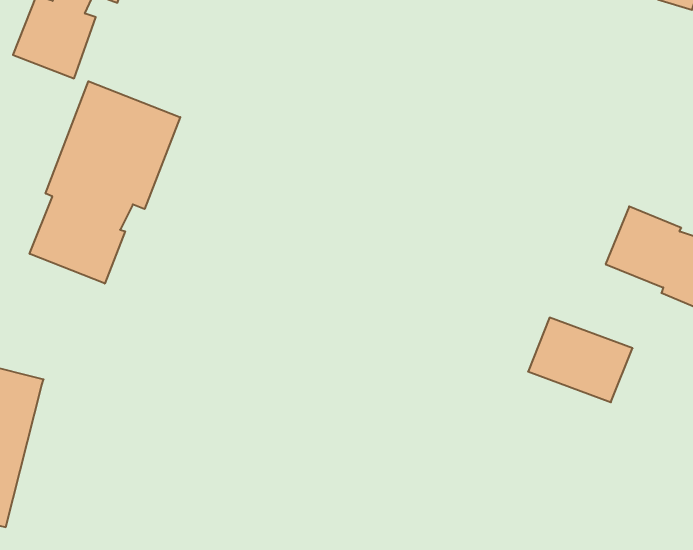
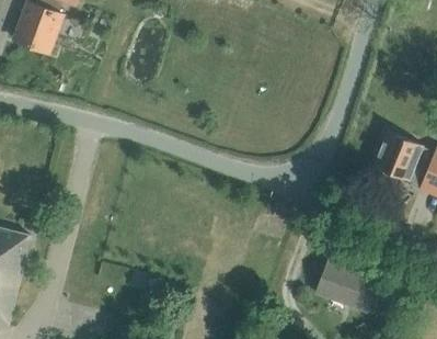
building: [30,81,180,284] -> none
building: [528,318,633,402] -> [317,259,380,310]

